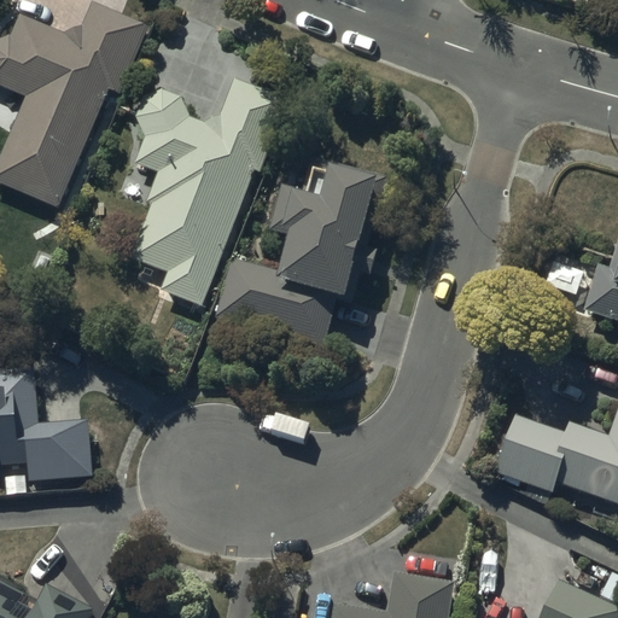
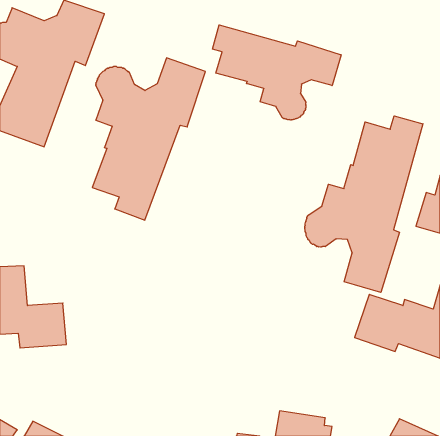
building: none -> [212,25,341,120]
building: [215,159,383,351] -> none
building: none -> [305,116,423,292]

